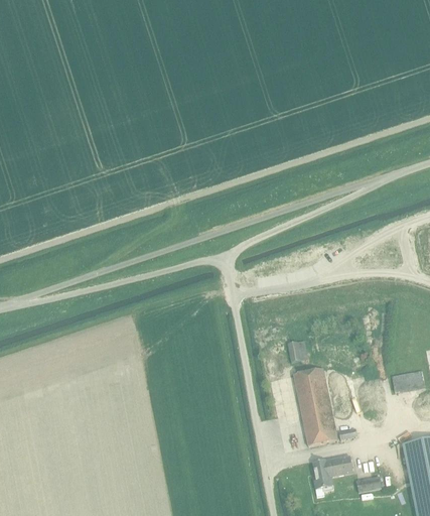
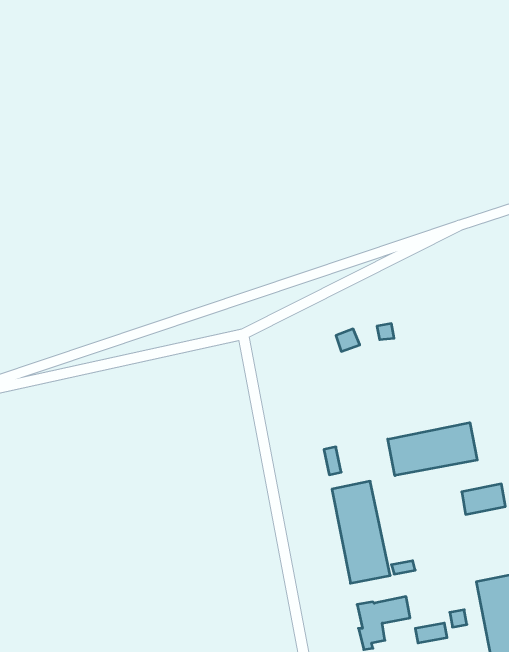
building: none -> [388,423,477,476]

